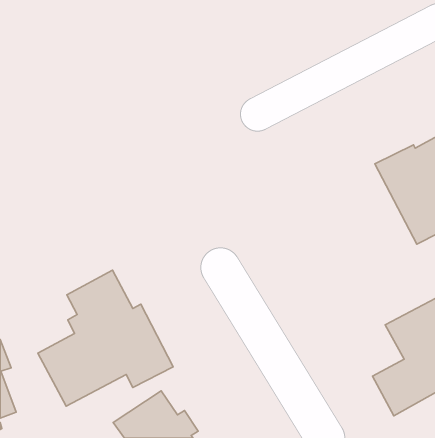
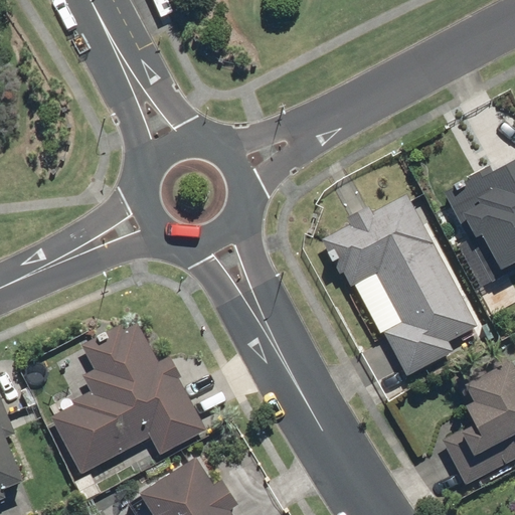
building: none -> [322,194,480,378]

